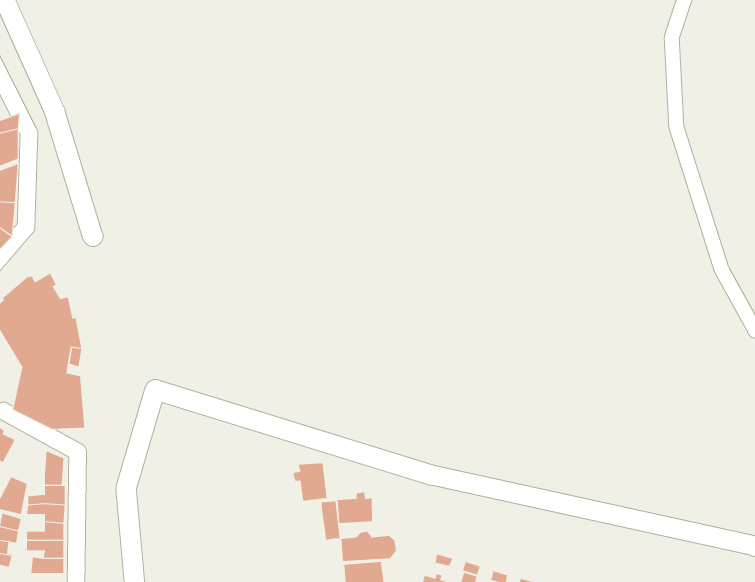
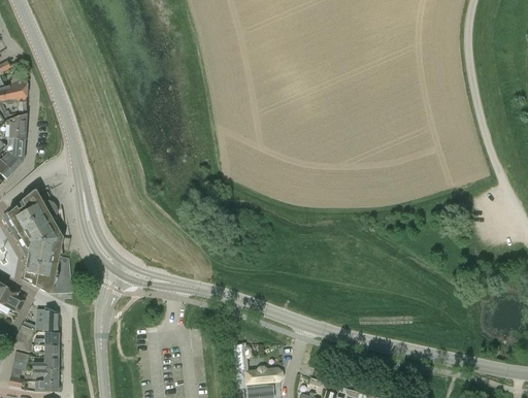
building: [293,462,327,502] -> none
building: [337,492,372,524] -> none

